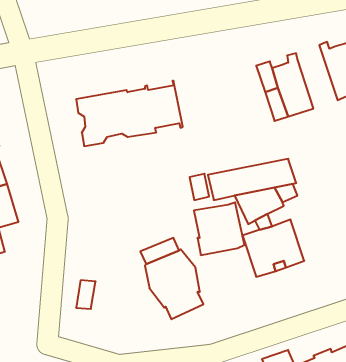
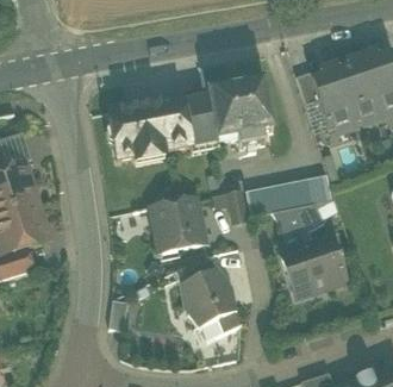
building: none -> [337,56,379,121]
building: none -> [208,82,272,148]
building: [194,202,244,255] -> [151,198,204,252]

